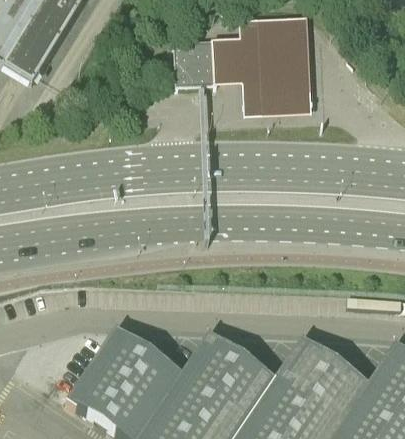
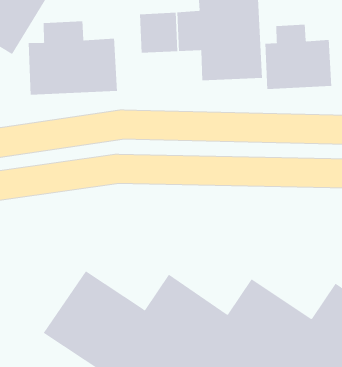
building: none -> [28,21,117,96]
building: none -> [265,24,332,90]

